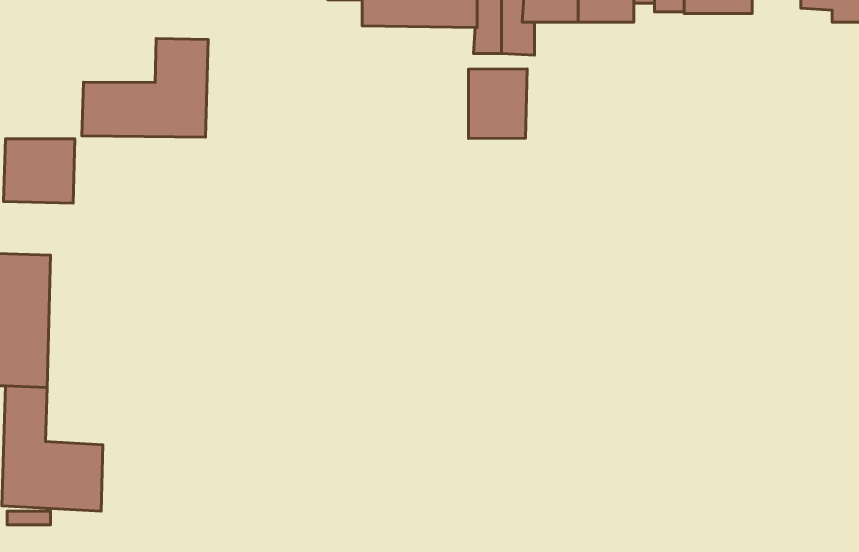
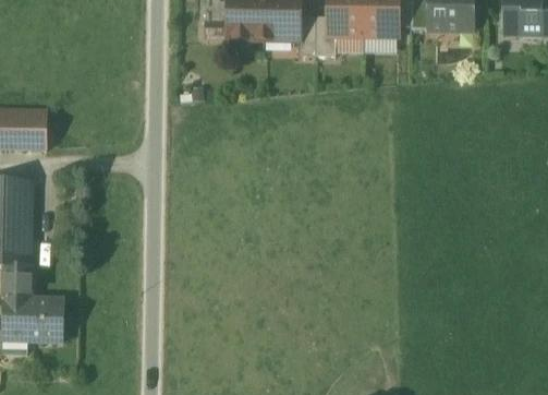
building: [82,38,208,137] -> none
building: [468,69,527,138] -> none

